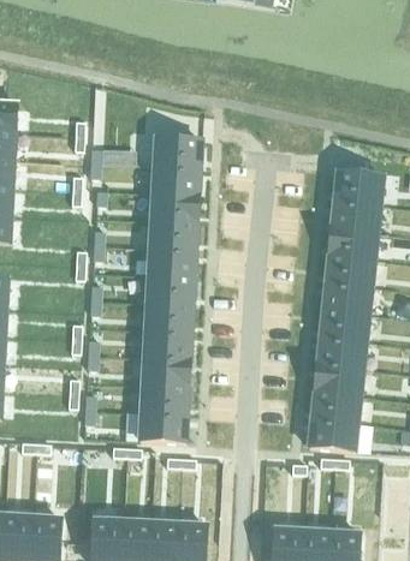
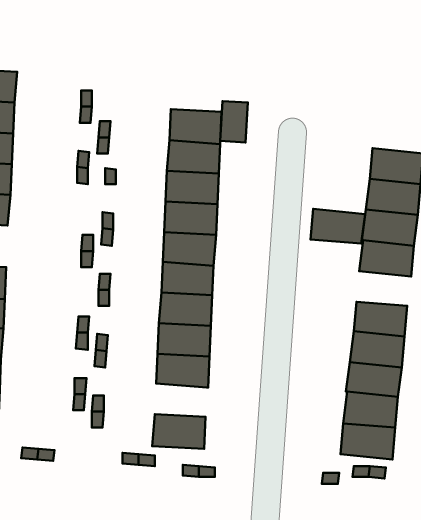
building: none -> [220,101,248,142]
building: [322,282,372,314] -> [310,209,365,244]
building: [141,383,188,413] -> none

